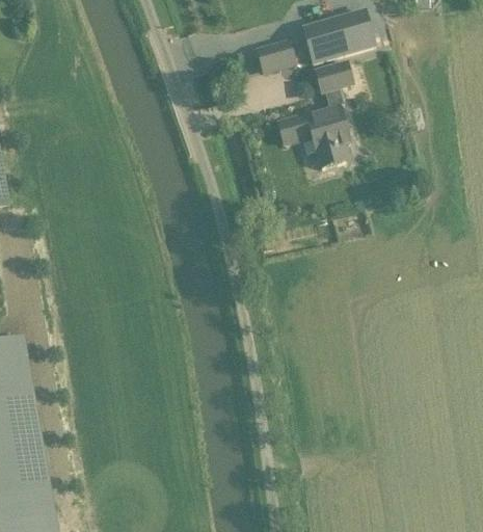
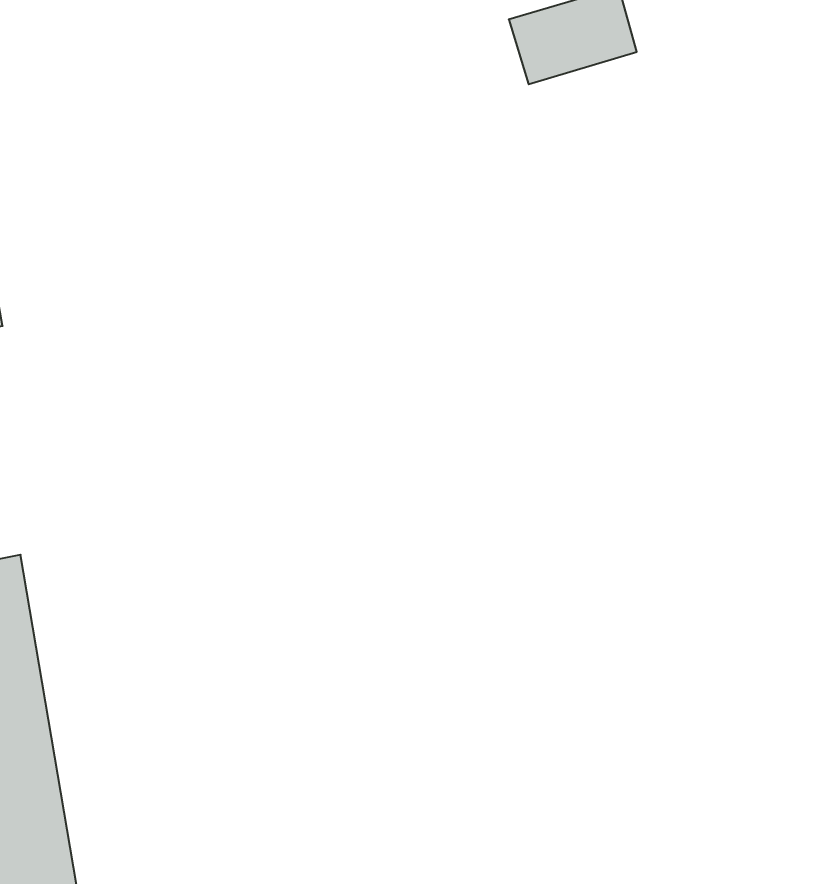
building: [253,38,294,76] -> none
building: [275,59,352,169] -> none

